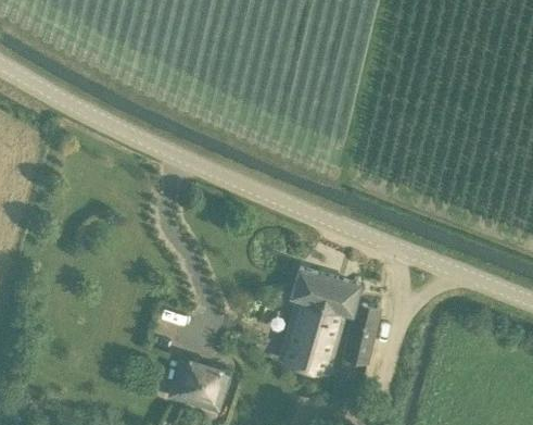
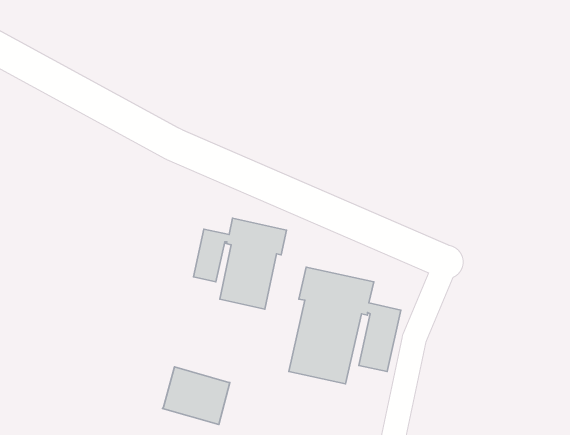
building: none -> [193,218,286,309]

